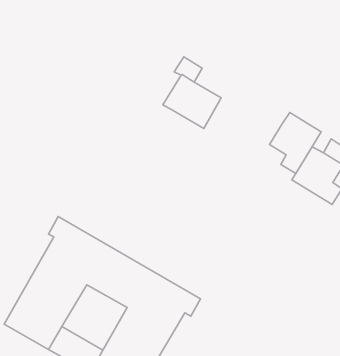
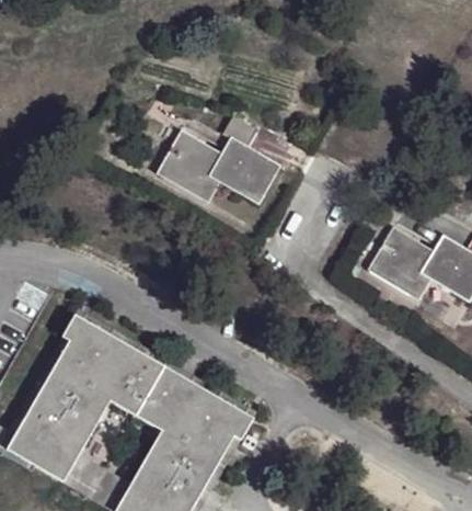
building: none -> [154,128,220,202]
building: [270,113,321,174] -> none

